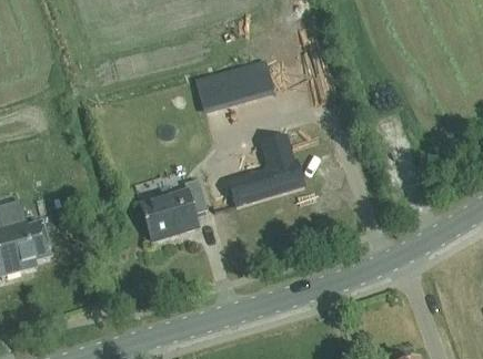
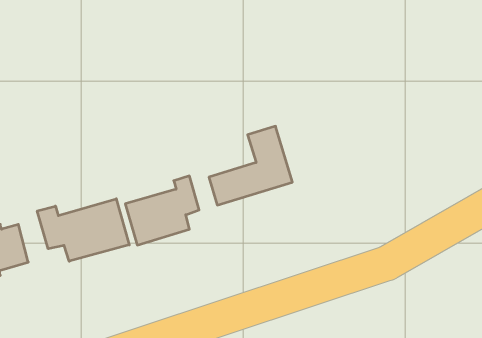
building: [201,68,279,107] -> none
building: none -> [37,199,129,261]

